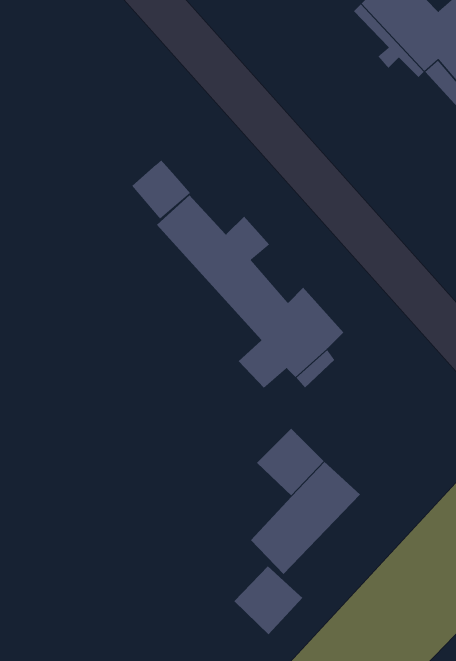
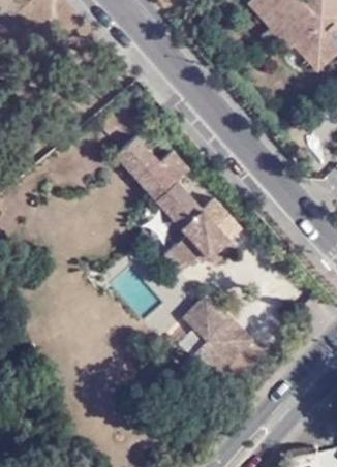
building: [132,159,191,219] -> none
building: [233,565,303,635] -> none

